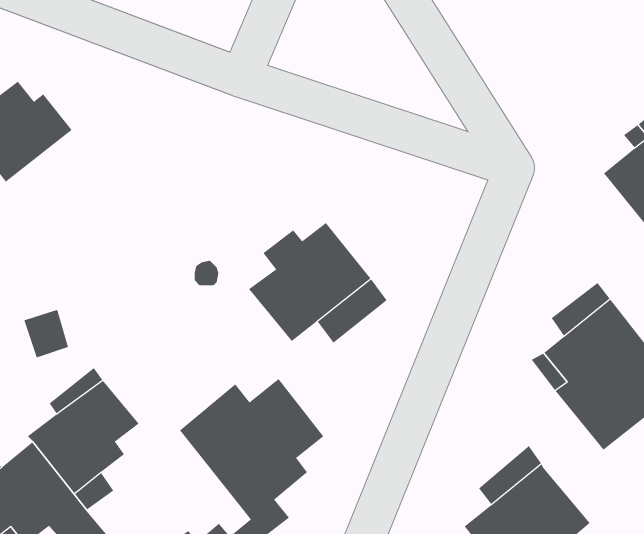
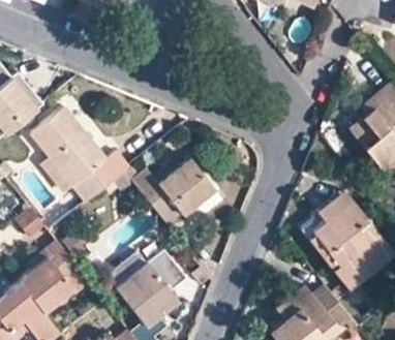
building: none -> [31,105,131,193]

